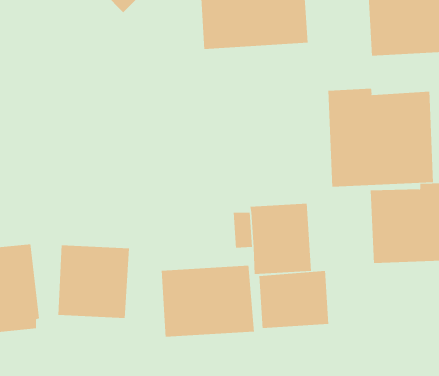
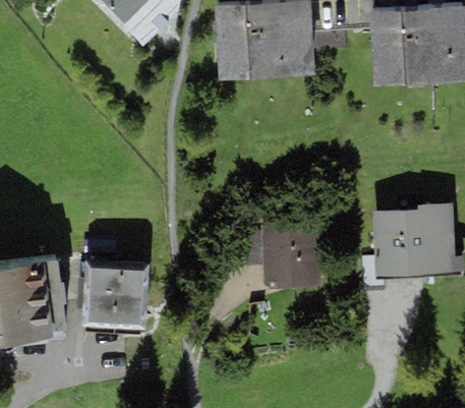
building: [328,88,433,188] -> none
building: [161,265,254,338] -> none
building: [259,270,329,329] -> none

